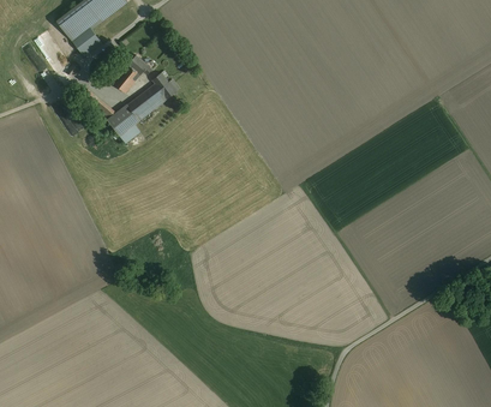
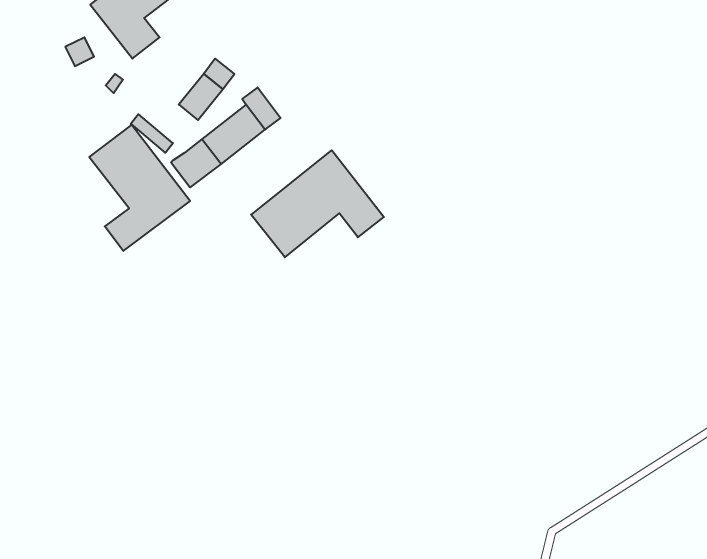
building: none -> [89,125,190,251]
building: none -> [251,150,384,257]

